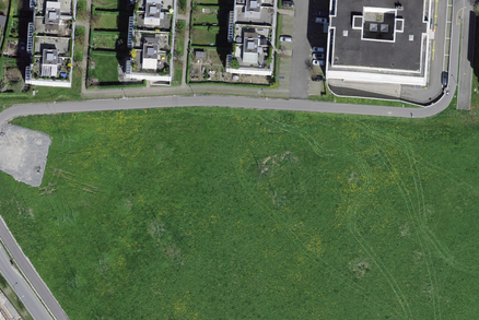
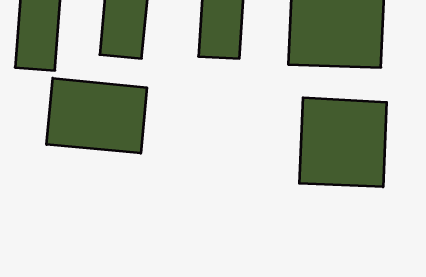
building: none -> [47,78,147,153]
building: none -> [299,98,387,187]

